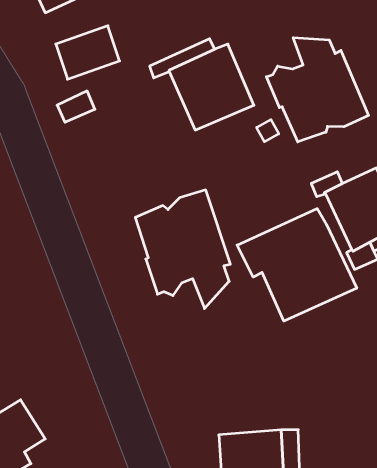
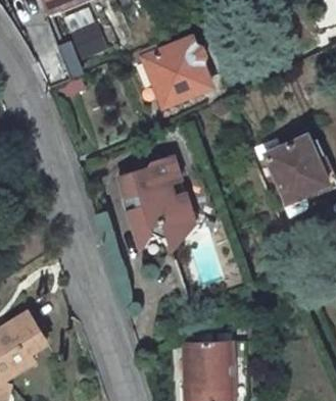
building: [266,38,369,142] -> none
building: [237,209,357,321] -> none

